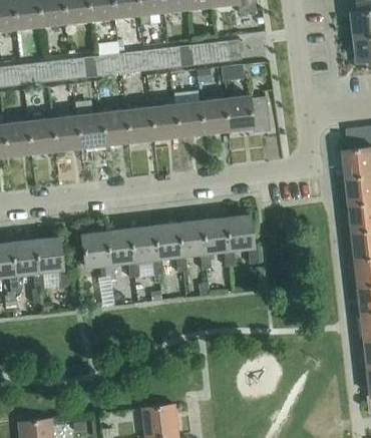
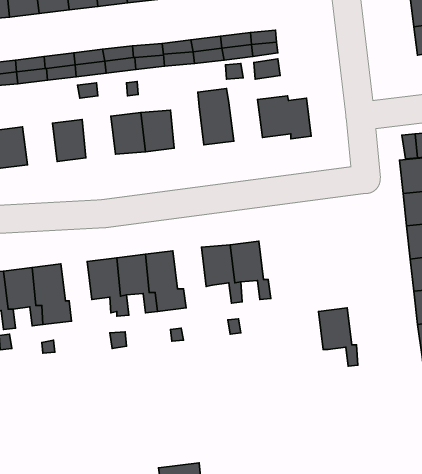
building: [200,98,228,133] -> none
building: [150,104,178,139] -> none
building: [76,112,104,147] -> none
building: [26,118,55,153] -> none
building: [225,214,258,264] -> [318,308,358,366]
building: [152,223,188,273] -> none

